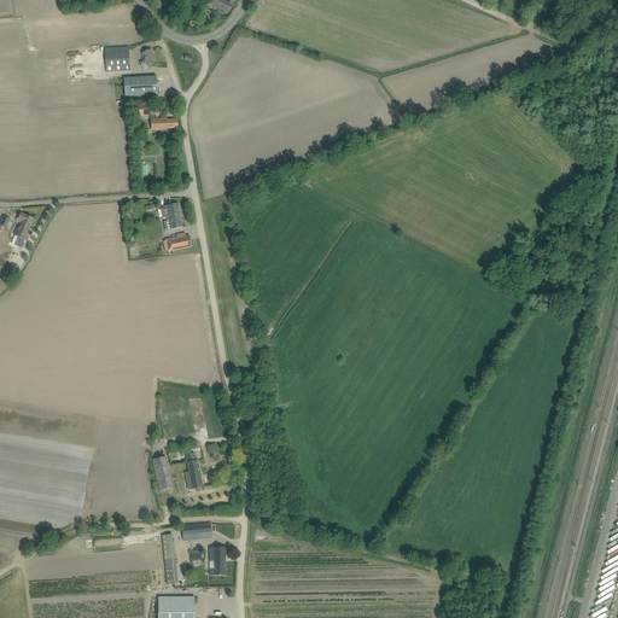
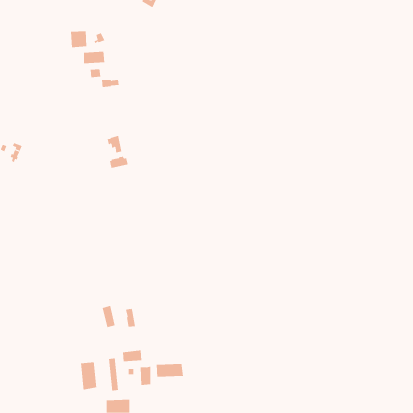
building: none -> [80,361,97,390]
building: none -> [156,363,183,378]

